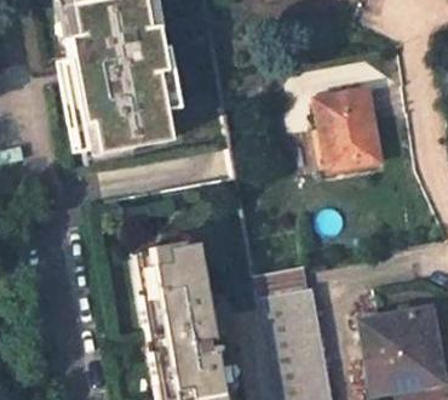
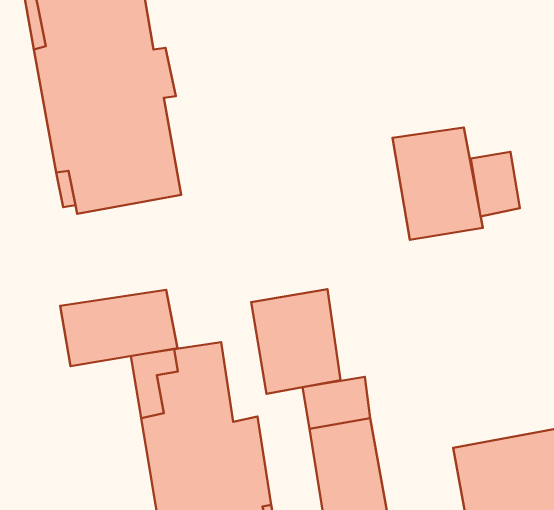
building: none -> [471,152,520,217]
building: none -> [251,289,341,394]
building: none -> [60,290,178,366]

